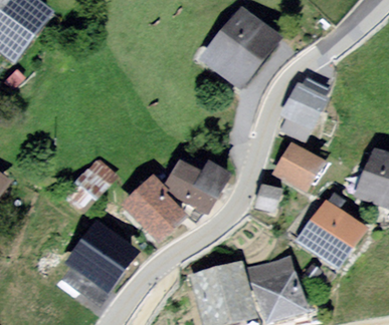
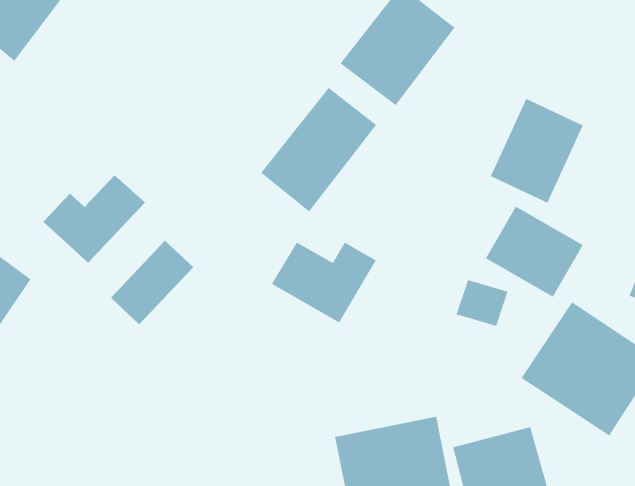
building: none -> [260,87,377,212]
building: none -> [42,174,146,264]
building: [119,177,179,239] -> none
building: [65,226,129,289] -> none

